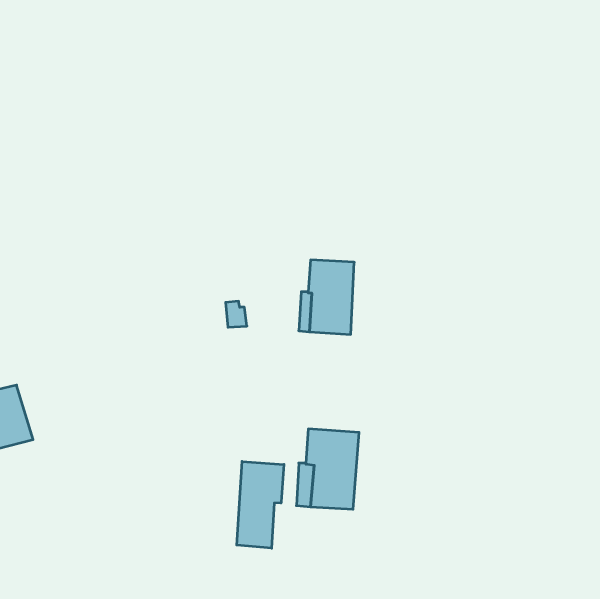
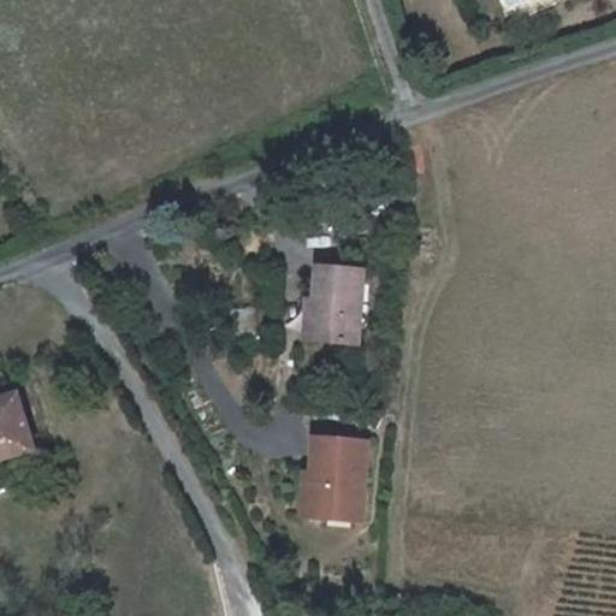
building: [237,461,284,548] -> none

